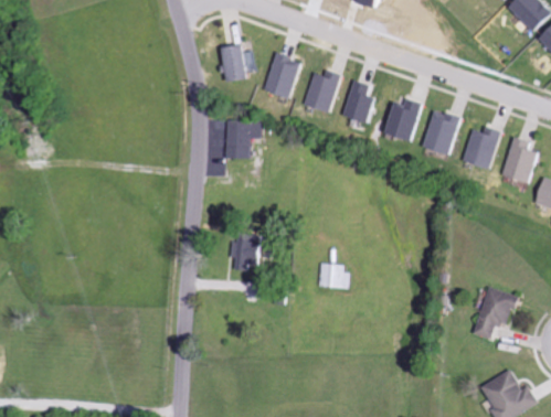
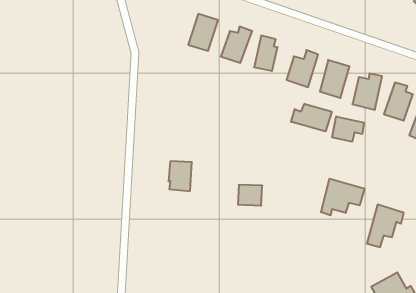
building: [218,45,255,83] -> none
building: [231,120,266,158] -> none
building: none -> [291,104,332,131]
building: none -> [332,116,364,142]
building: none -> [321,179,364,215]

